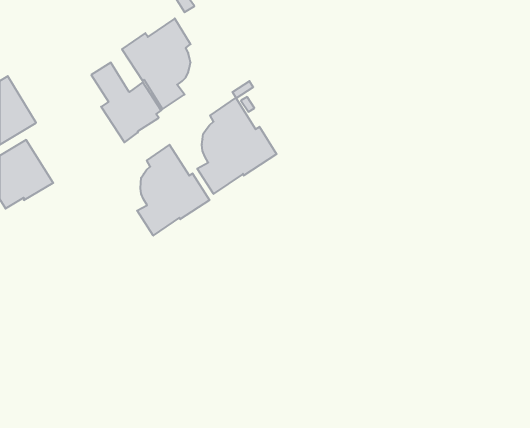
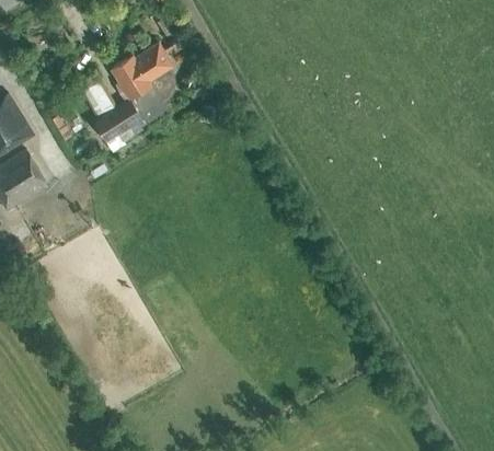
building: [197,98,277,194] -> none
building: [137,145,209,236] -> none

